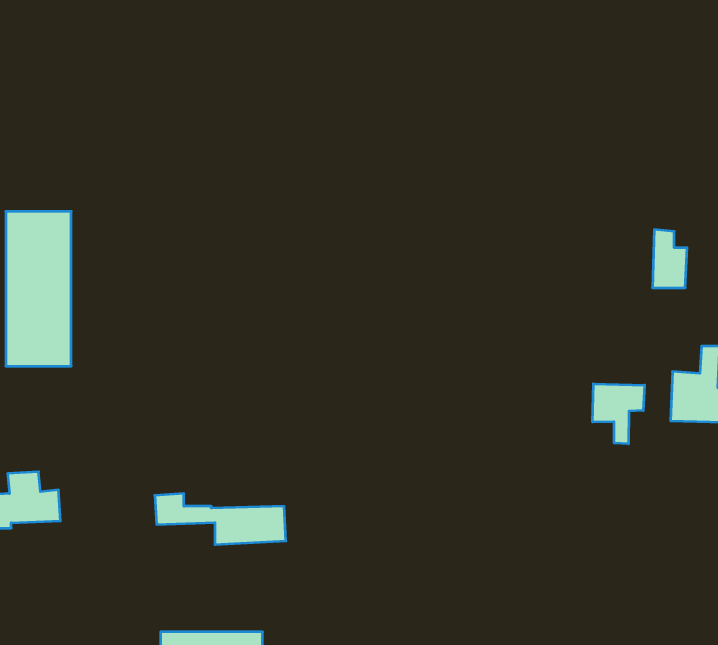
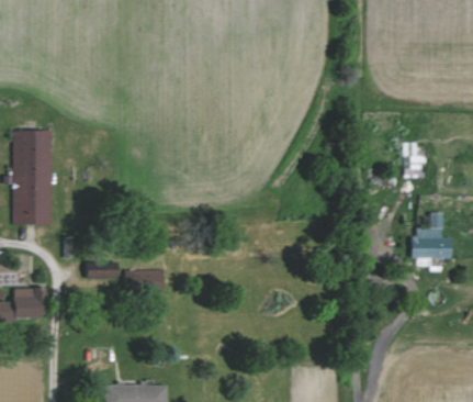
building: [593,384,645,444] -> none
building: [155,494,286,545] -> [86,261,165,292]

